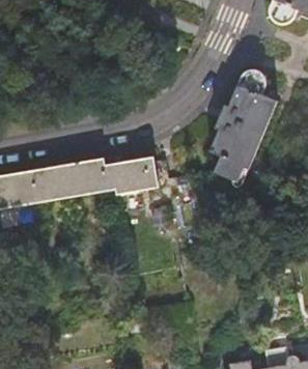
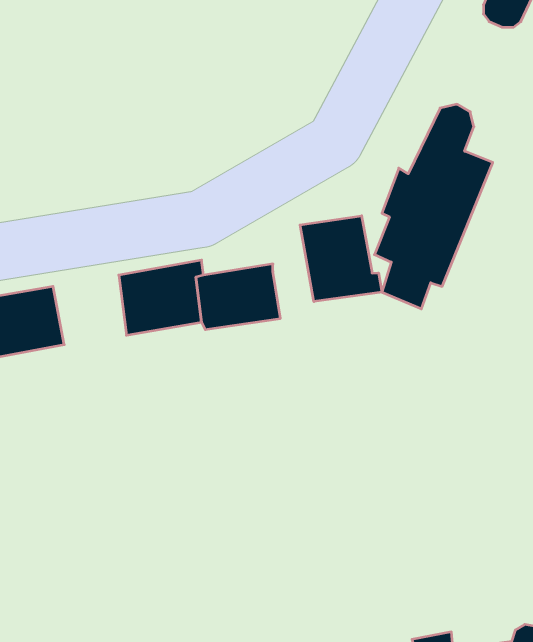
building: none -> [300,216,382,302]
building: [31,164,72,202] -> none

